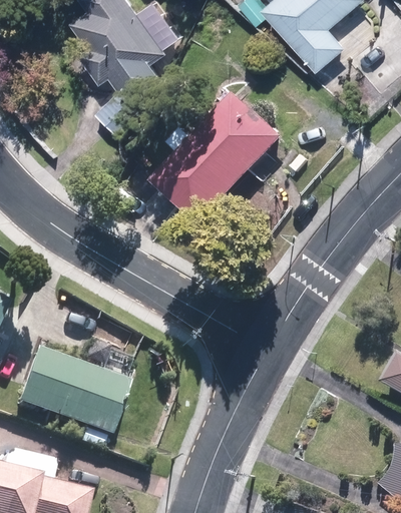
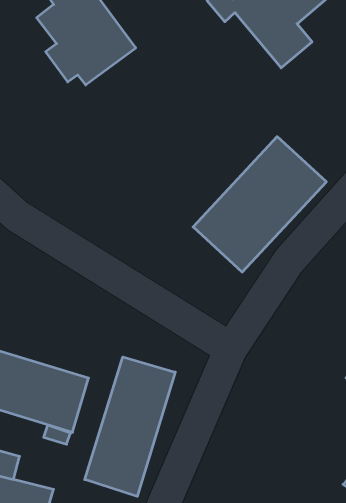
building: [154,90,288,225] -> [193,137,326,272]
building: none -> [85,357,175,496]

